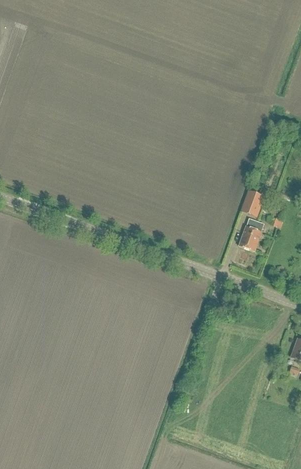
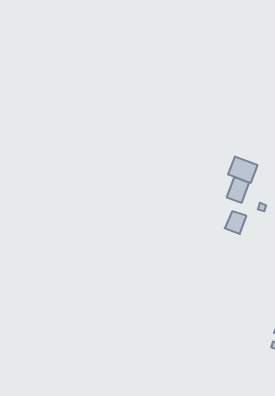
building: none -> [228,156,257,183]

